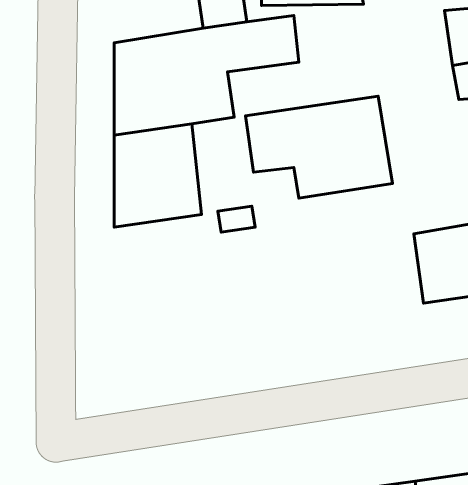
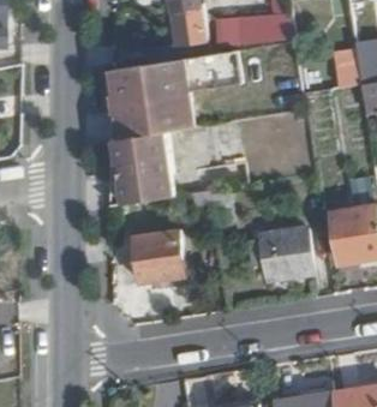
building: none -> [131,226,186,280]
building: none -> [246,228,313,279]

